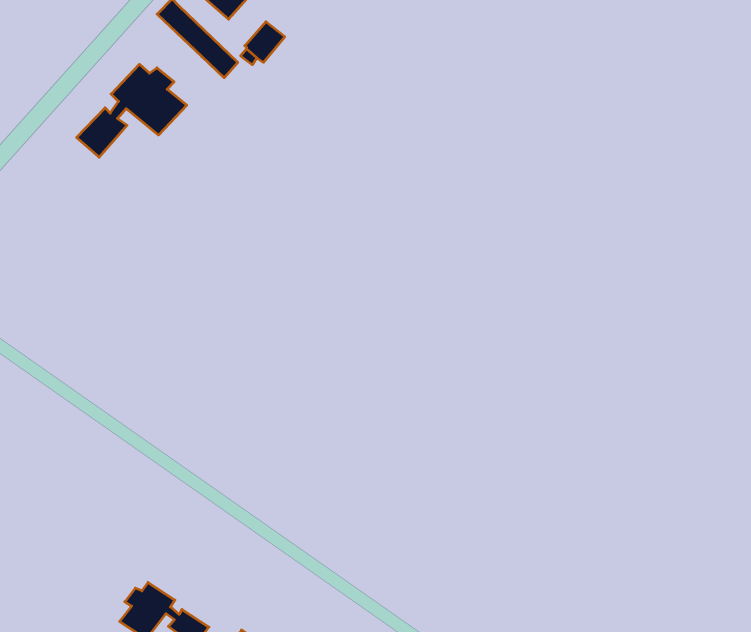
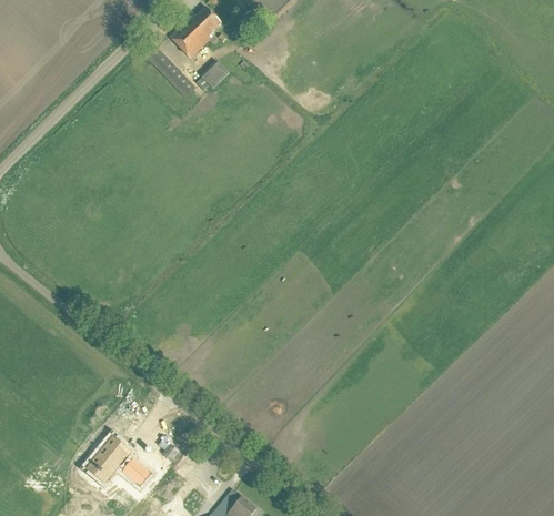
building: [77,64,187,157] -> none

